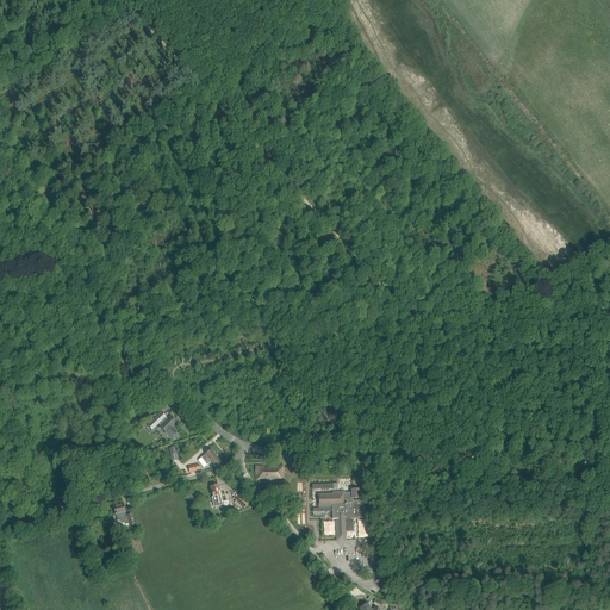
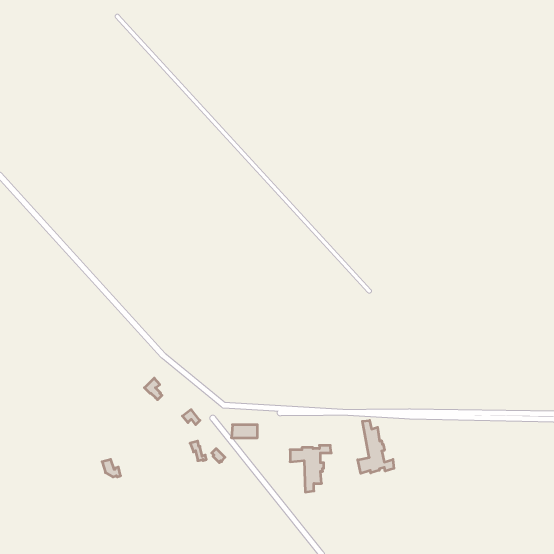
building: none -> [358,420,394,473]

